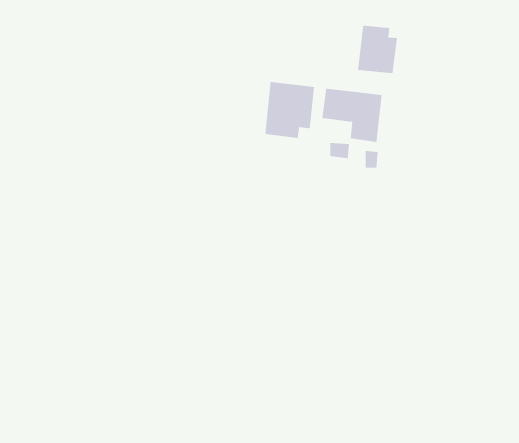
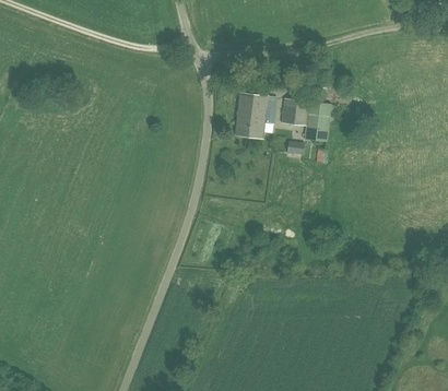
building: [357,25,397,74] -> none

